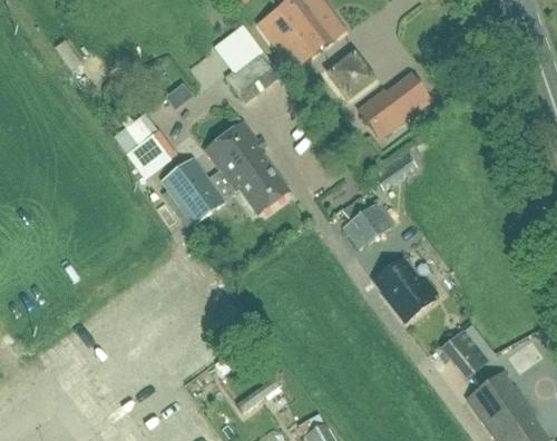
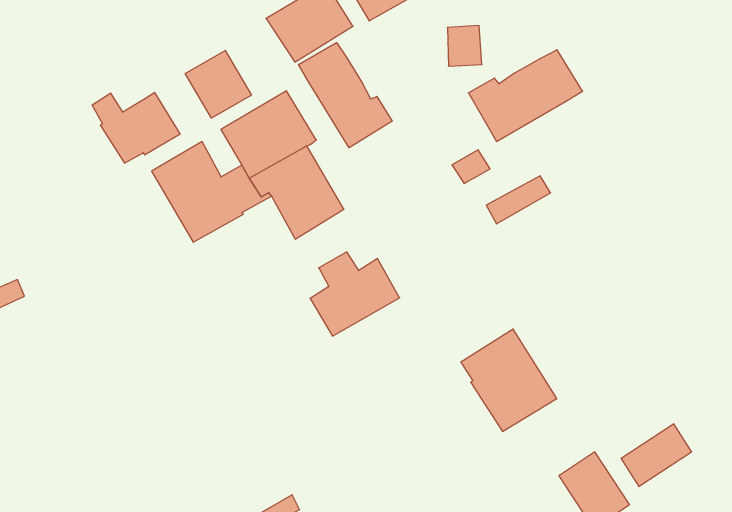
building: none -> [299,43,392,148]
building: none -> [185,50,251,118]
building: [339,196,395,251] -> [310,252,400,336]
building: none -> [621,424,692,487]

